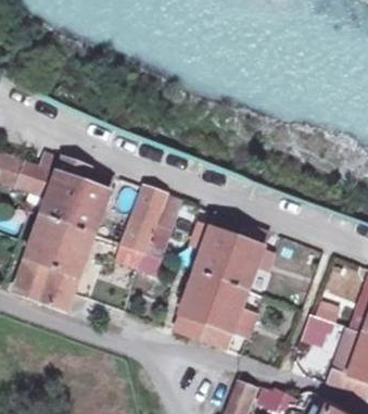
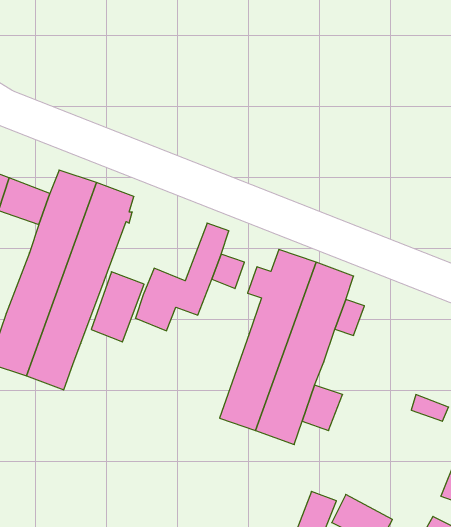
building: [128,187,165,236] -> [91,272,144,342]

